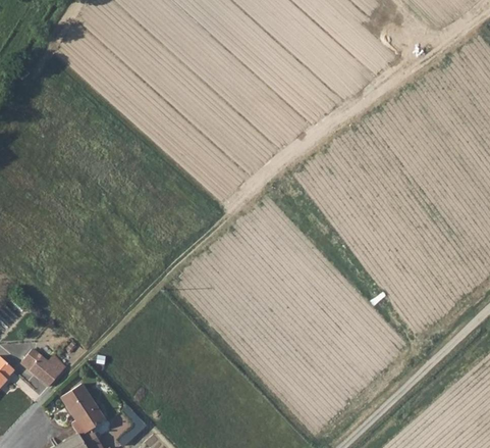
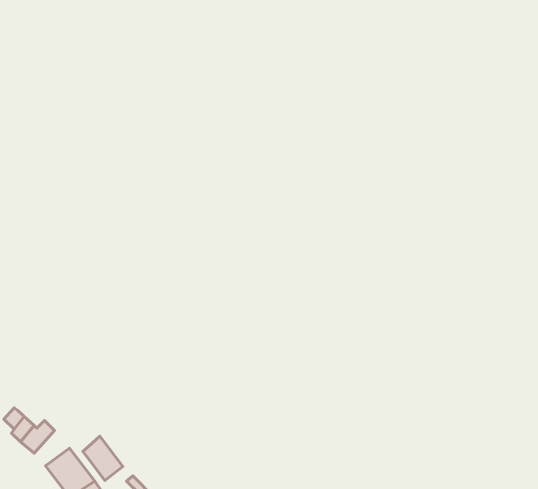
building: none -> [83,436,123,481]

